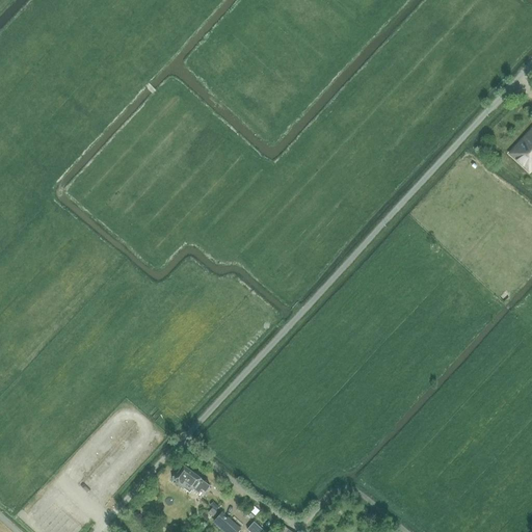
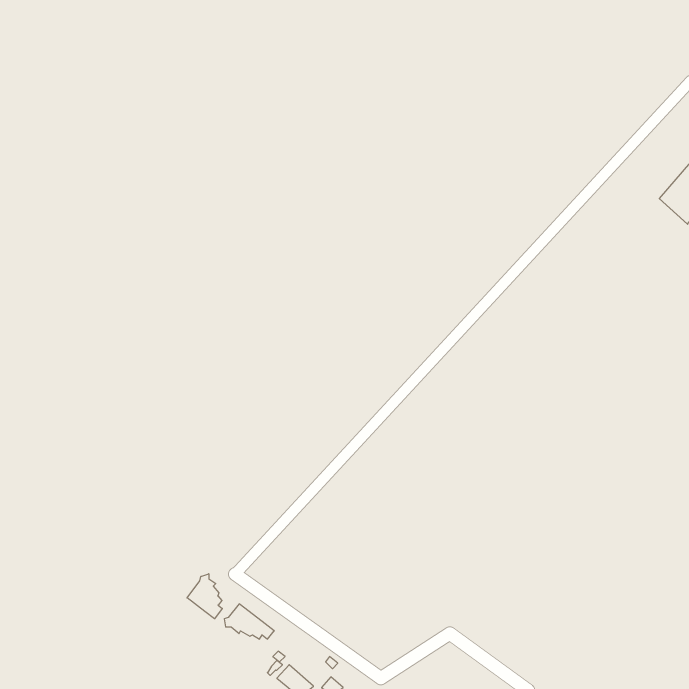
building: none -> [187,574,222,619]

